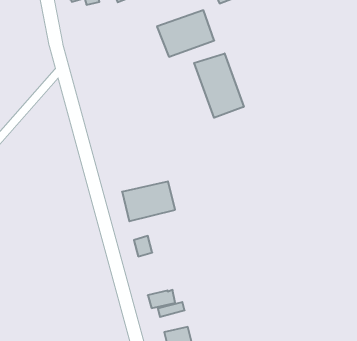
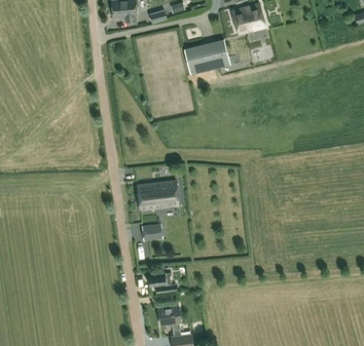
building: [194,53,244,118] -> none

